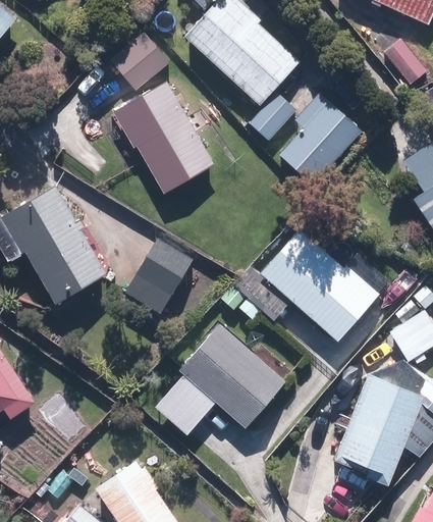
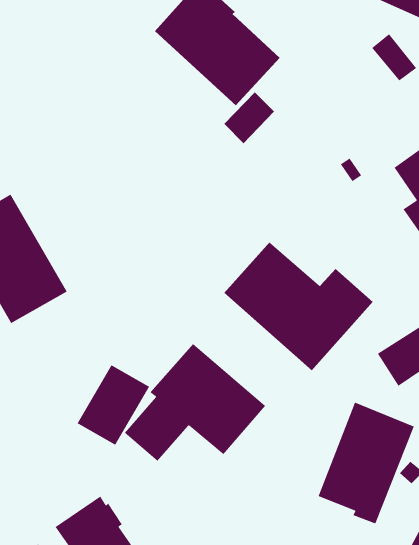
building: [112,34,169,90] -> none
building: [113,83,215,194] -> none
building: [280,93,361,185] -> none
building: [126,238,194,312] -> [76,364,150,446]

